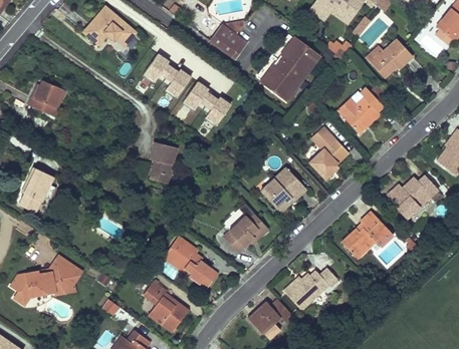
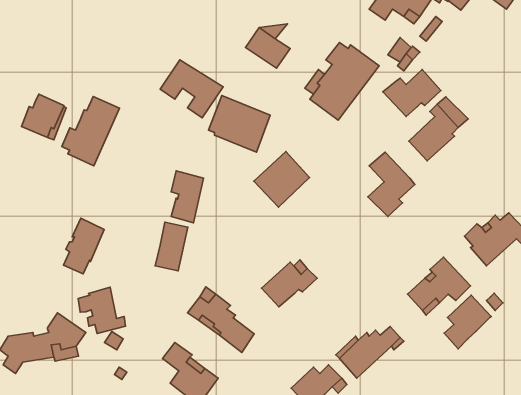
building: [83,7,136,45] -> none
building: [365,39,412,77] -> [383,70,441,116]
building: none -> [62,96,119,166]
building: [19,166,52,212] -> [63,218,104,274]
building: [260,167,305,213] -> [254,151,309,207]
building: none -> [155,222,188,271]
building: none -> [78,287,126,333]
building: none -> [444,295,491,349]

